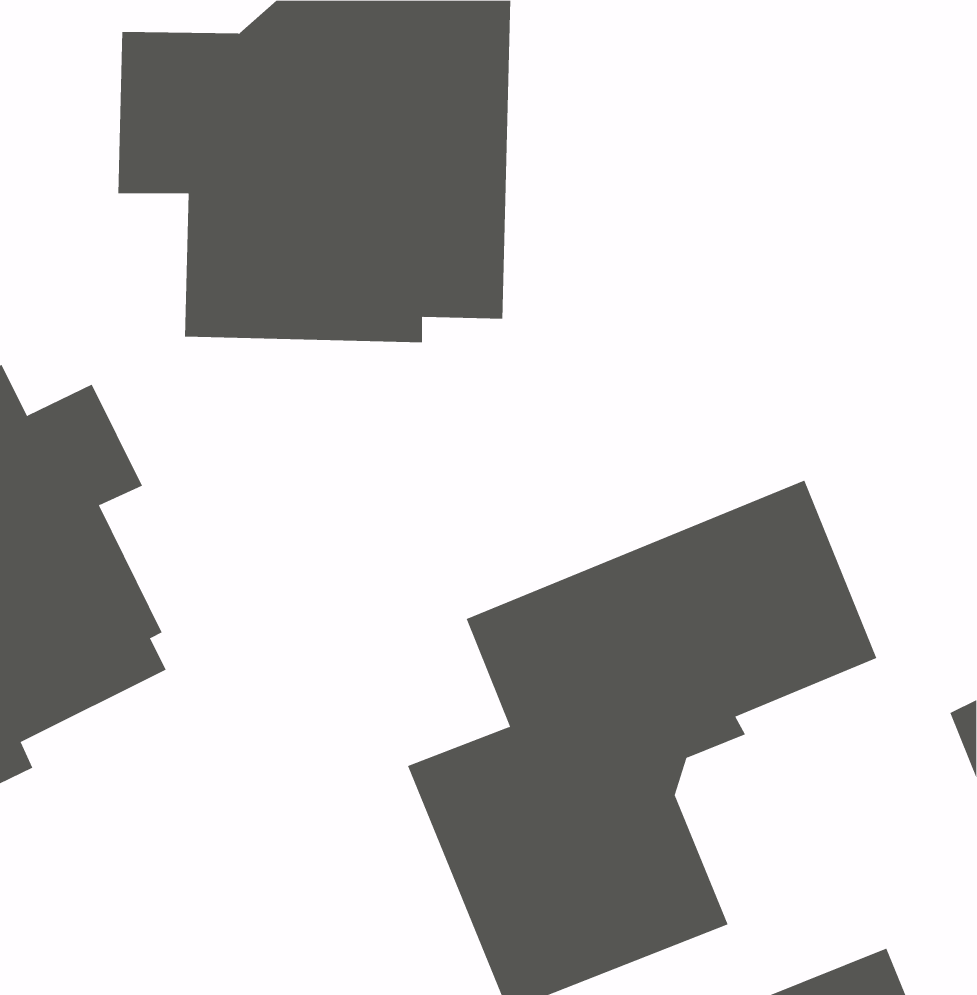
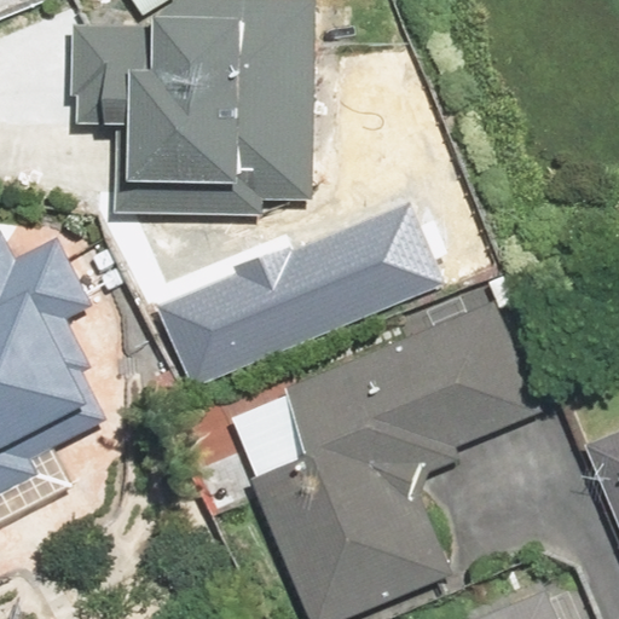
building: none -> [146,204,433,387]

